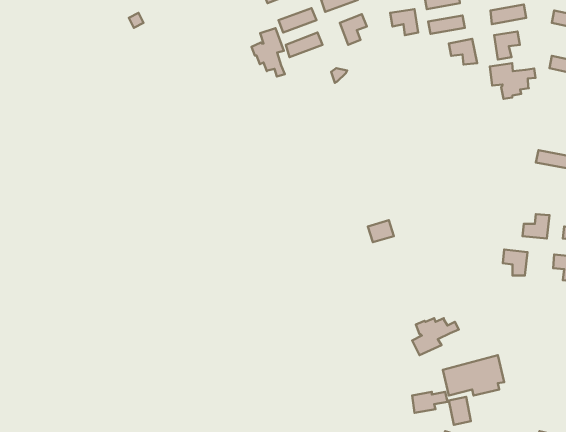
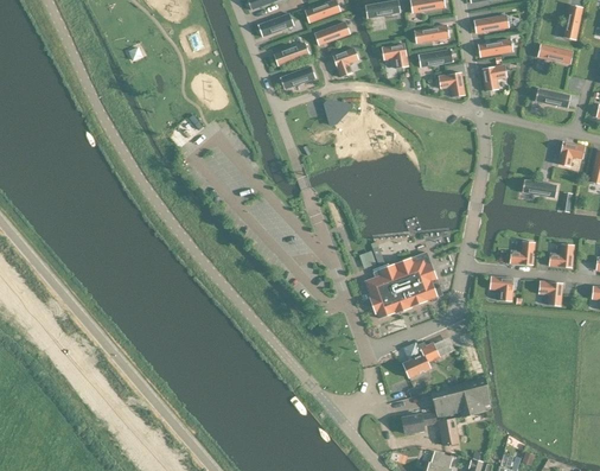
building: [252,28,285,77] -> none
building: [490,63,535,99] -> none
building: none -> [364,253,441,319]

